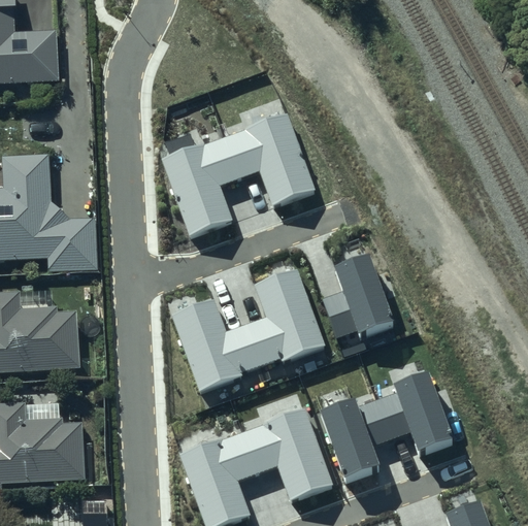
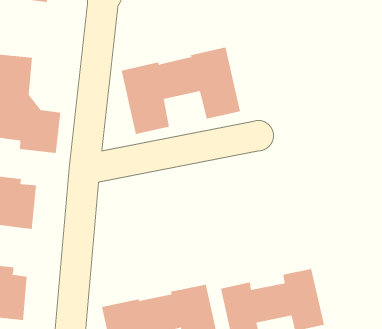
building: [323,254,394,337] -> none
building: [170,267,325,390] -> none

